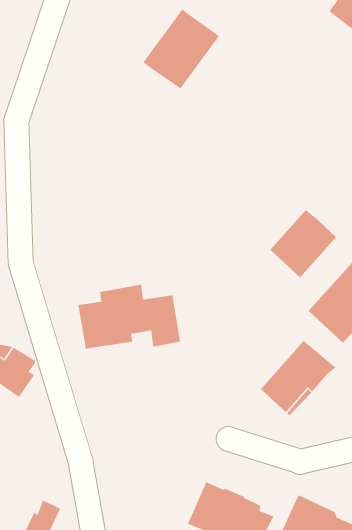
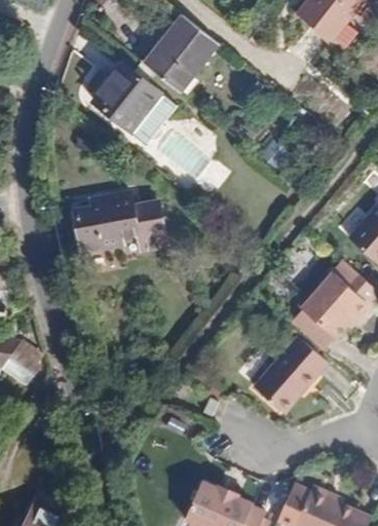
building: none -> [90,66,172,147]
building: [269,209,337,278] -> none
building: [78,284,181,349] -> [65,195,162,257]

